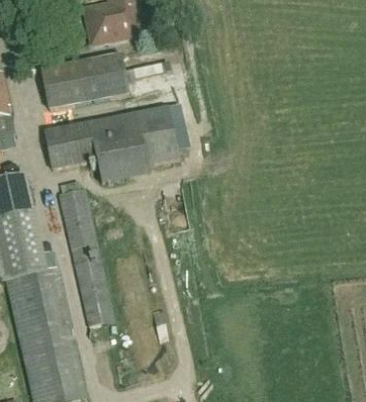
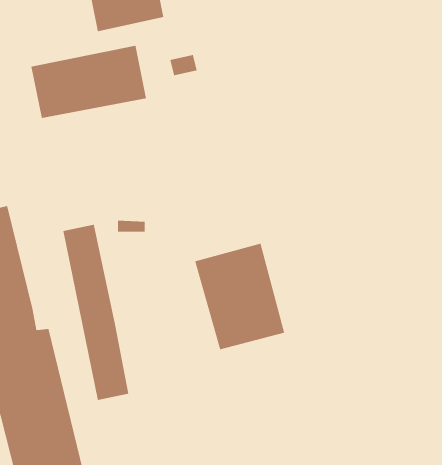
building: [44,102,188,174] -> none
building: none -> [194,243,285,350]

